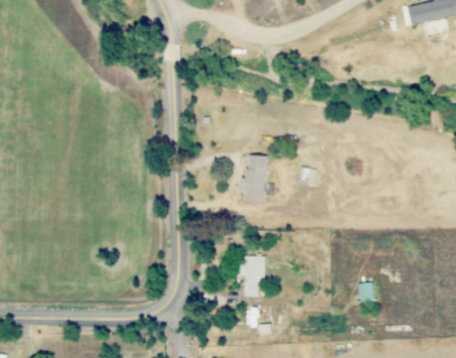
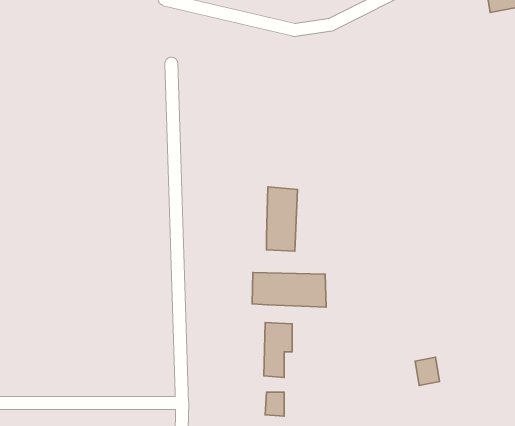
building: none -> [252,272,326,307]

